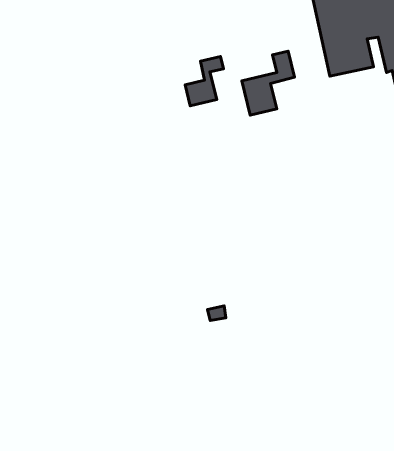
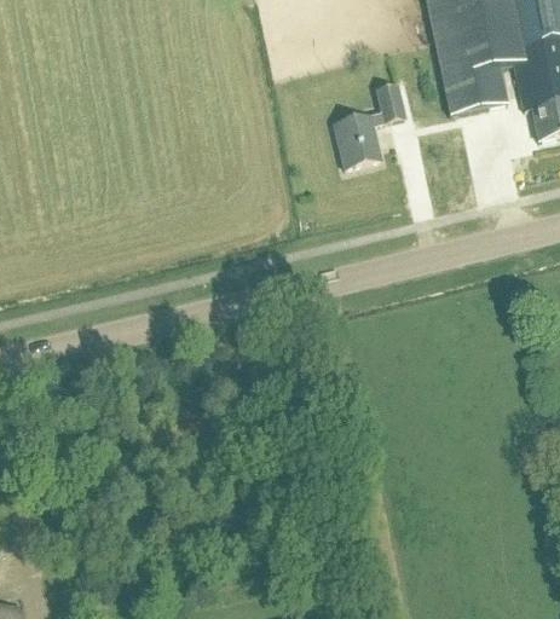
building: [185,56,224,106] -> none

